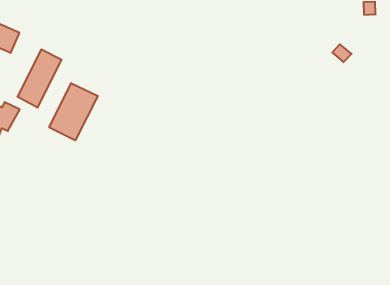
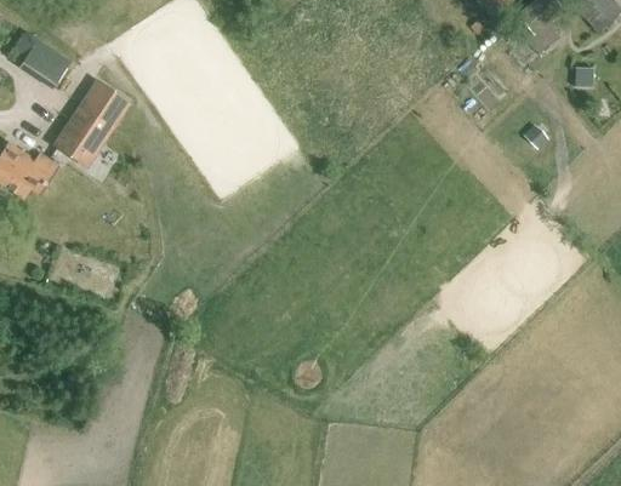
building: [49,83,98,140] -> none

